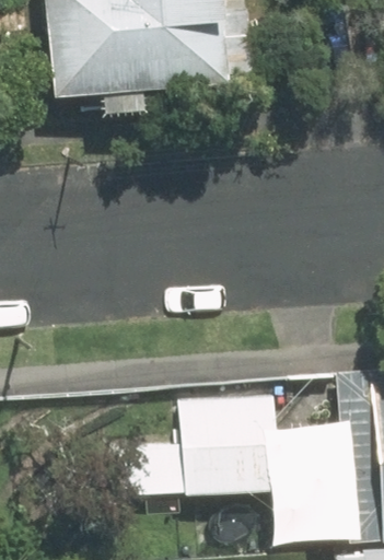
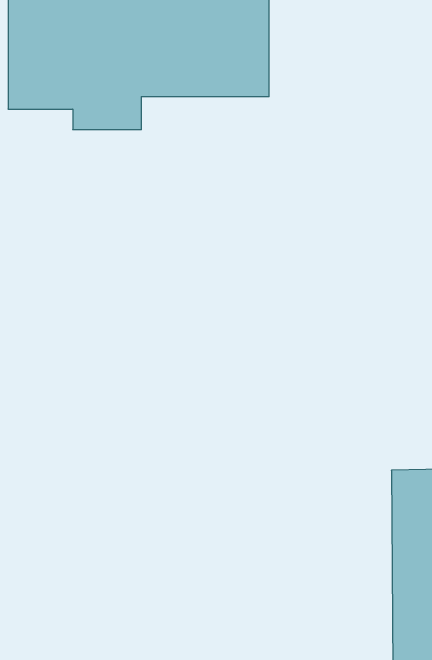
building: [120,394,283,497] -> none

